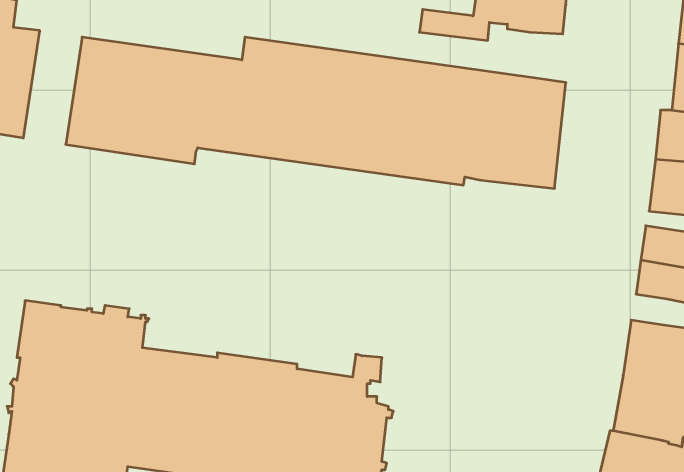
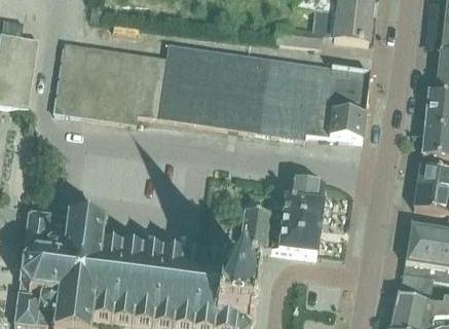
building: none -> [241,179,325,256]

